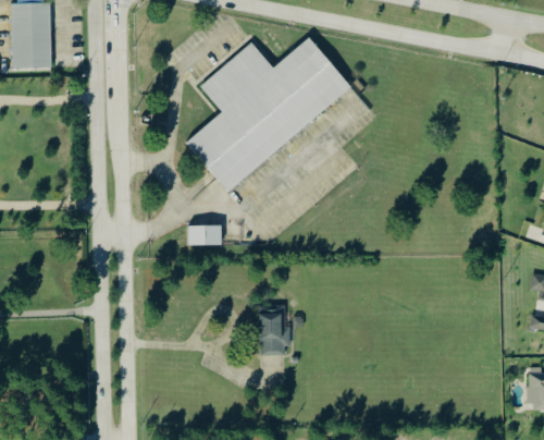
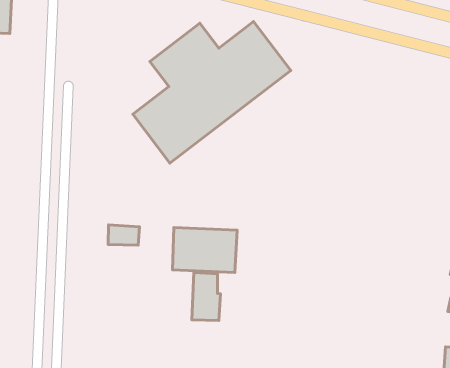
building: [187,225,220,246] -> [108,225,139,245]
building: none -> [173,227,237,273]

